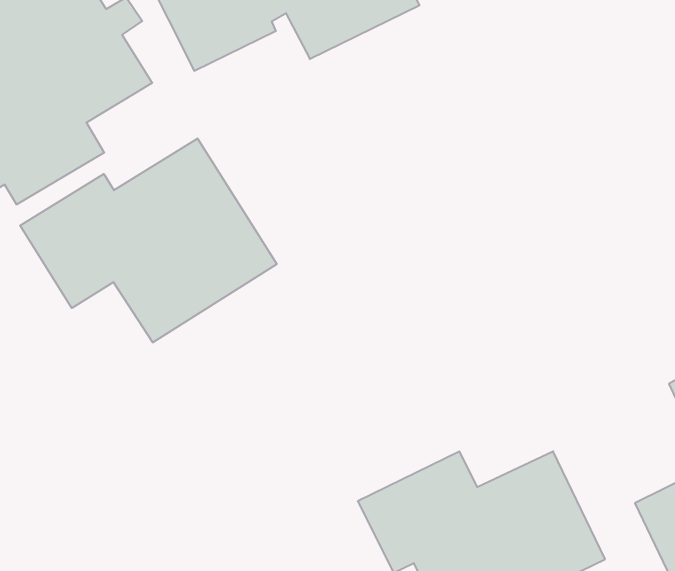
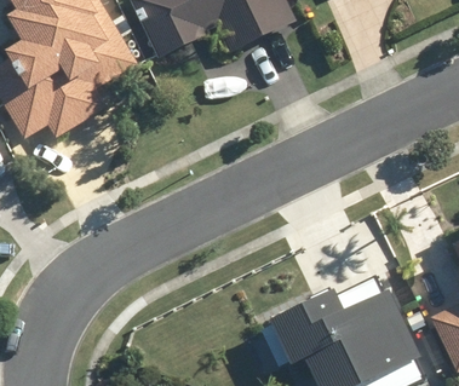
building: [20,138,277,343] -> none

